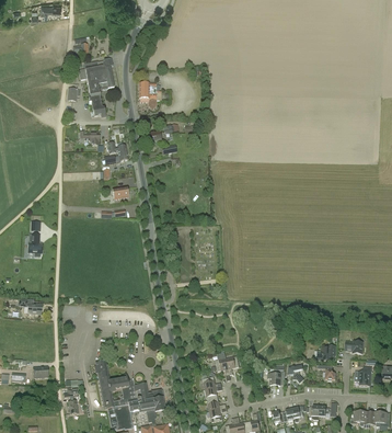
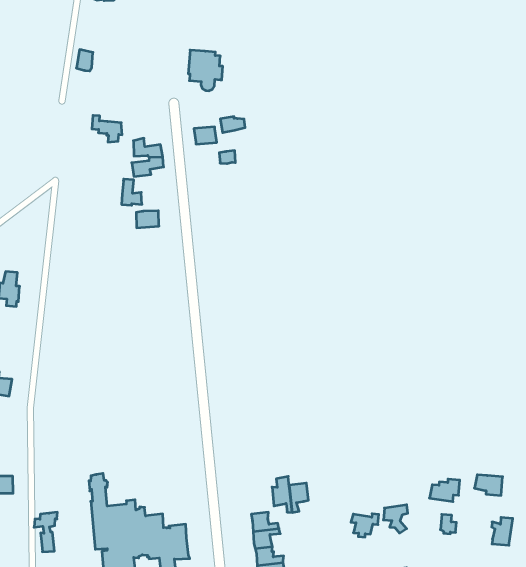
building: [78,58,114,118] -> none

